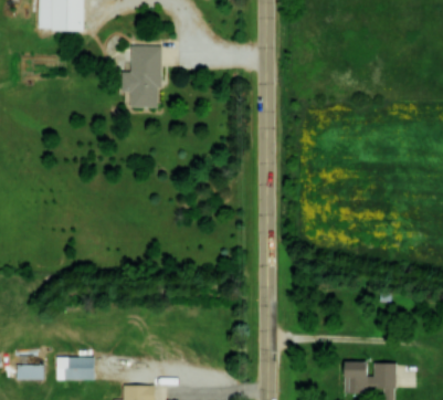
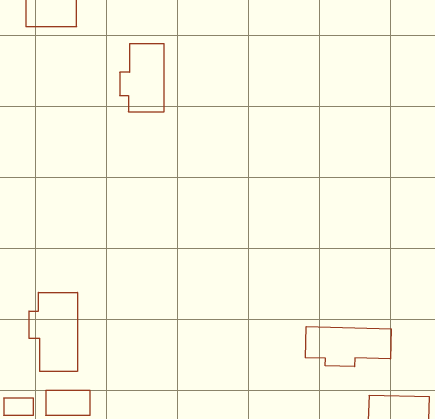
building: none -> [29,292,77,371]
building: none -> [305,327,391,367]

